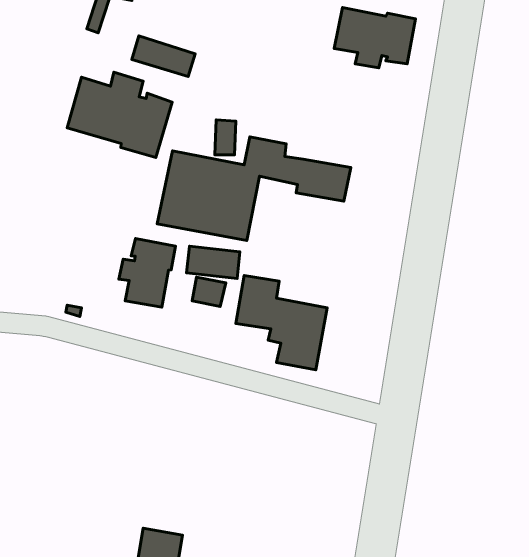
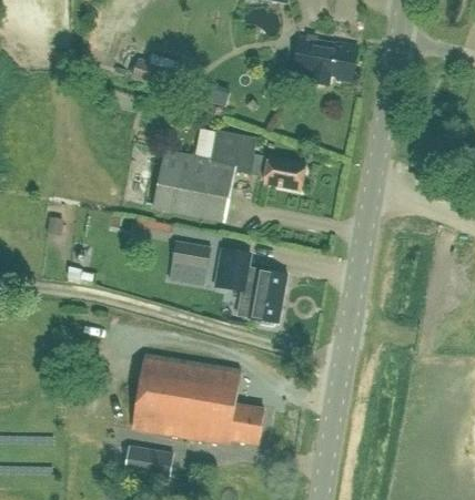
building: [67,72,172,157] -> none
building: [119,238,176,307] -> none
building: none -> [132,353,264,443]

